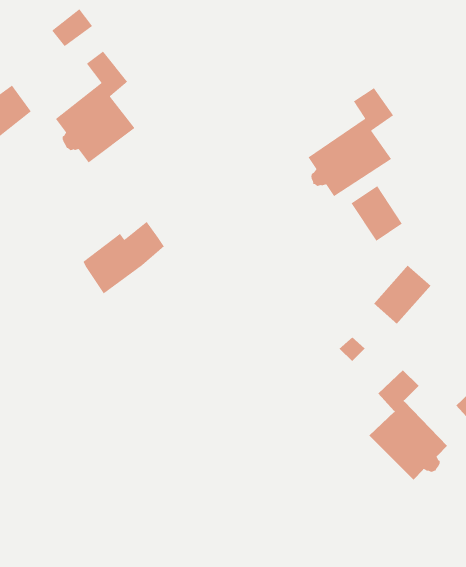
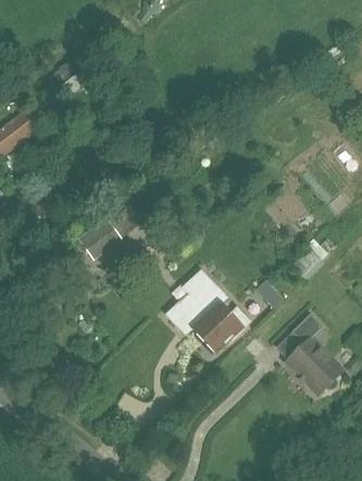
building: [55,50,136,164] -> none
building: [307,87,394,197] -> none
building: none -> [165,271,249,354]

